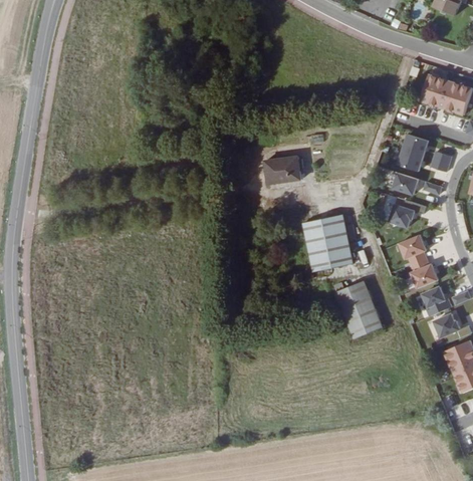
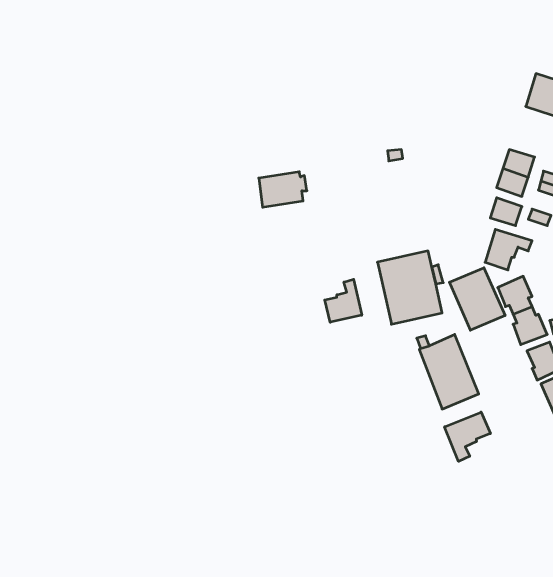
building: [265,156,303,184] -> [259,172,307,207]
building: none -> [449,268,505,330]
building: none -> [325,279,362,322]
building: none -> [445,412,490,461]

